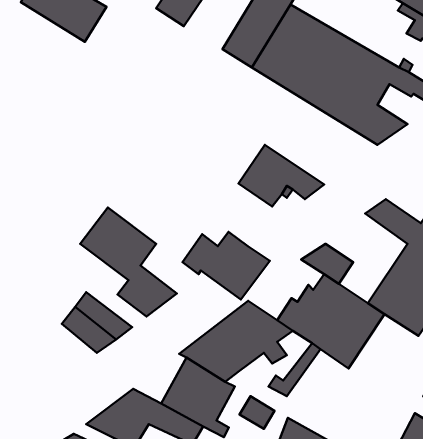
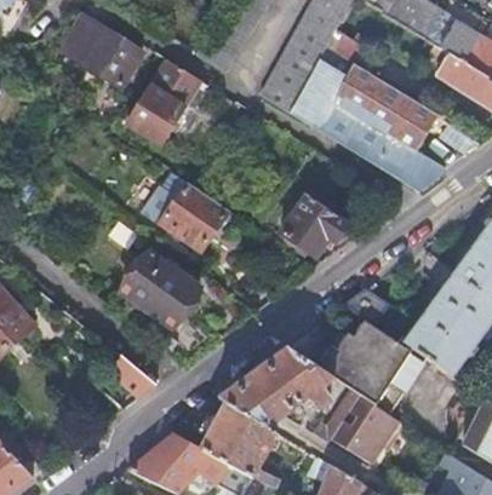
building: none -> [132,62,205,145]
building: [183,232,270,300] -> [142,182,229,249]
building: none -> [339,401,405,461]

